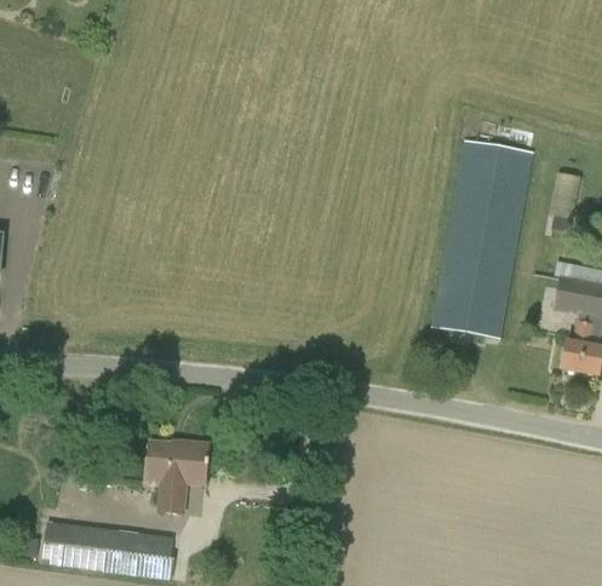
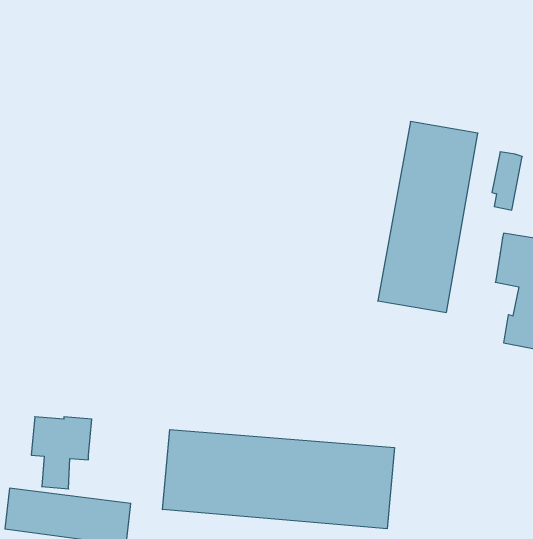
building: [144,440,207,515] -> [31,417,92,489]
building: none -> [163,430,394,529]

